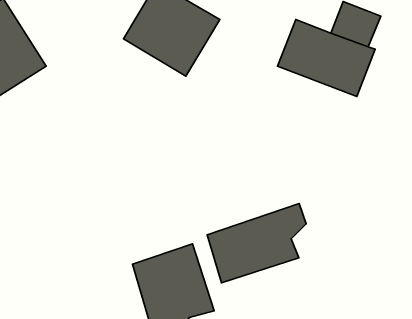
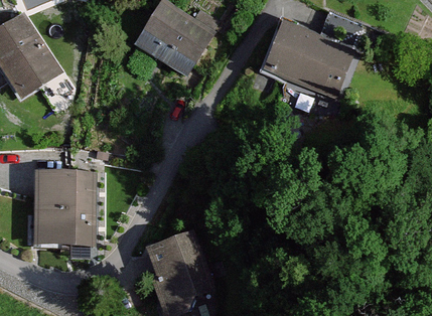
building: none -> [31,169,99,246]
building: [207,204,306,283] -> none

